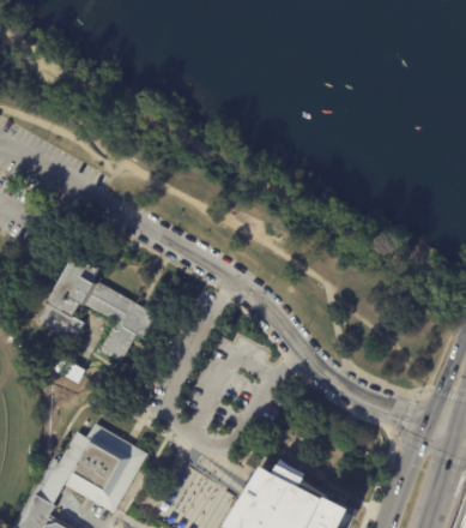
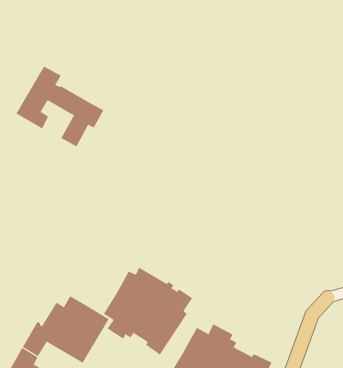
building: [38,256,156,364] -> [15,66,104,147]
building: none -> [103,267,193,356]

